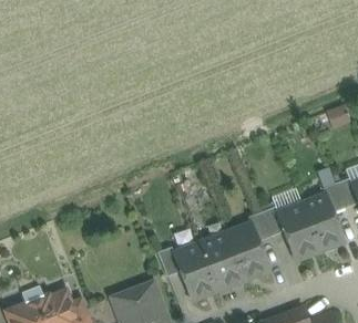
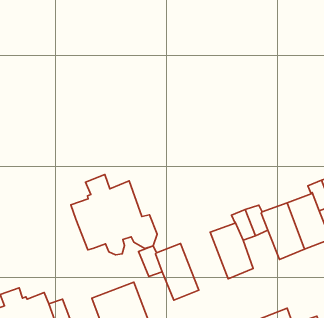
building: none -> [71,174,157,255]
building: [198,233,245,290] -> none

